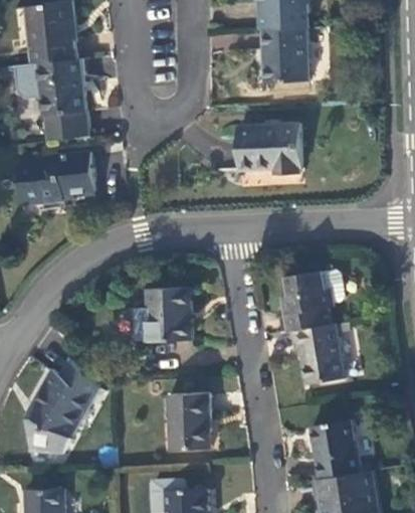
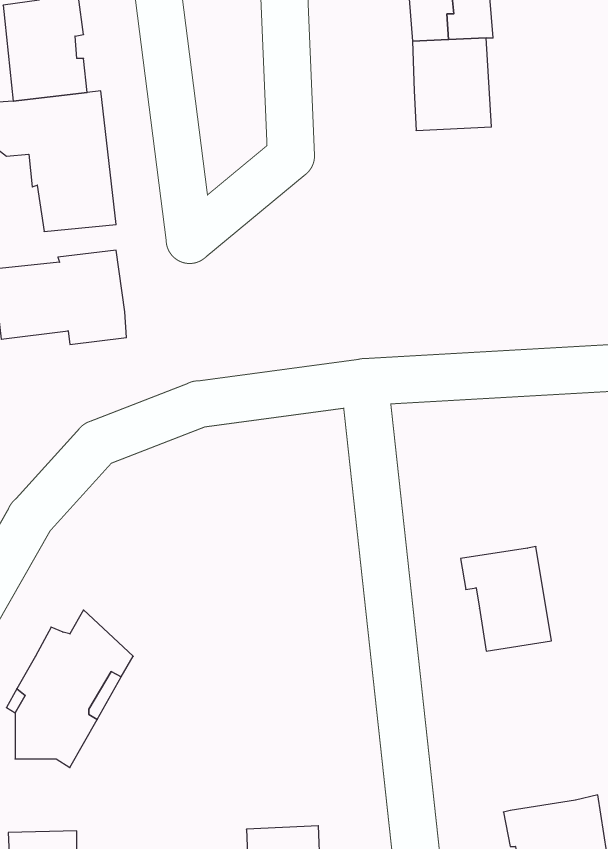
building: [239,122,300,171] -> none
building: [279,269,344,332] -> none
building: [146,289,190,342] -> none
building: [167,393,210,449] -> none
building: [310,420,358,478] -> none

